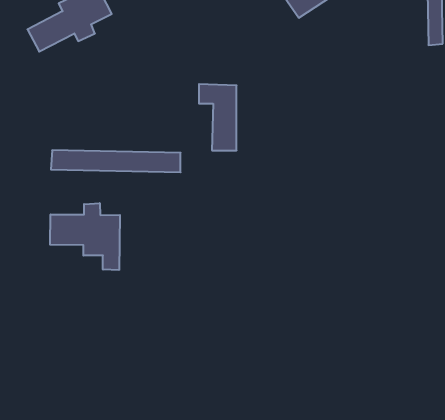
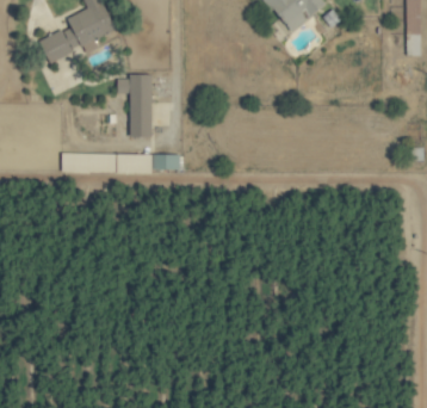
building: [199,84,237,150] -> [118,75,153,136]
building: [50,203,120,270] -> none

